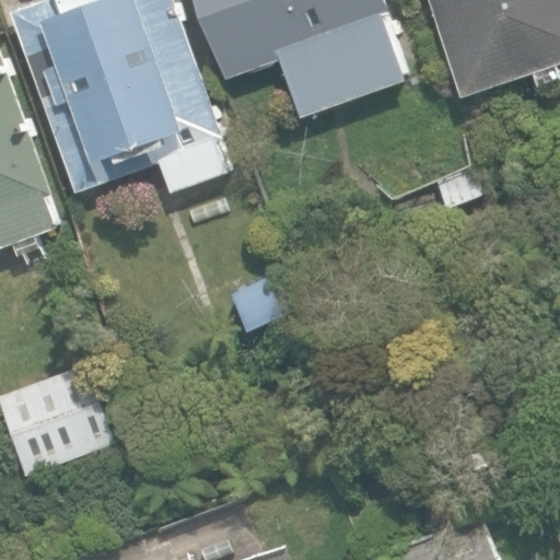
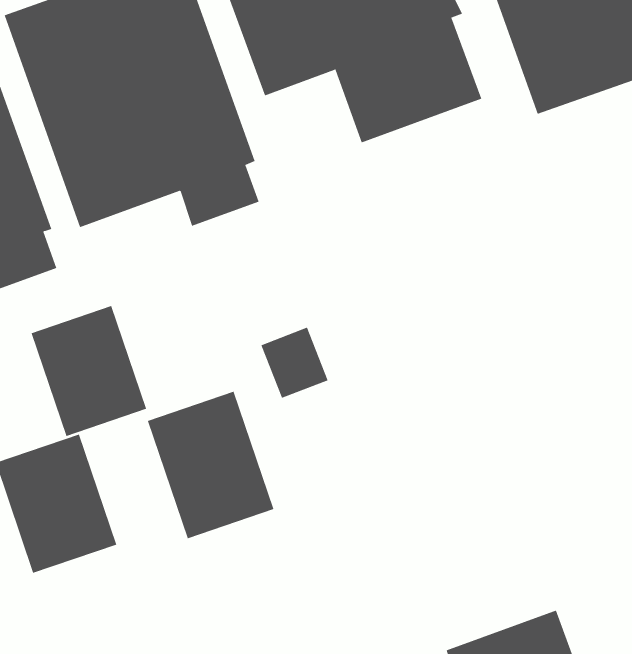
building: none -> [31,305,147,437]
building: none -> [147,391,274,539]

